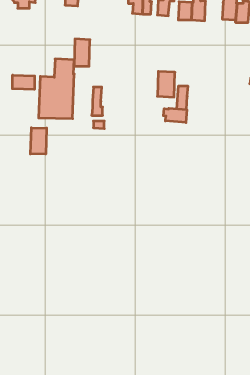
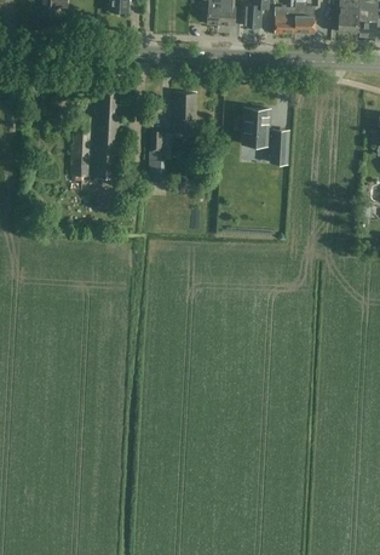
building: [74,39,90,66] -> [174,92,197,132]
building: [12,75,35,89] -> none
building: [163,108,187,123] -> none
building: [30,128,47,154] -> none

